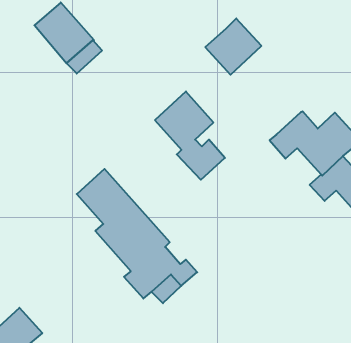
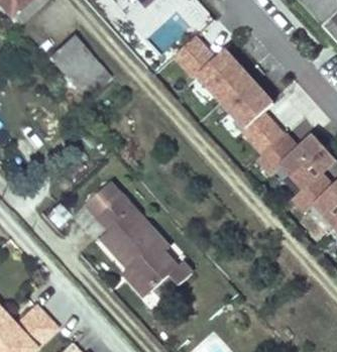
building: none -> [177,38,217,79]
building: [155,91,225,180] -> [221,75,283,152]

